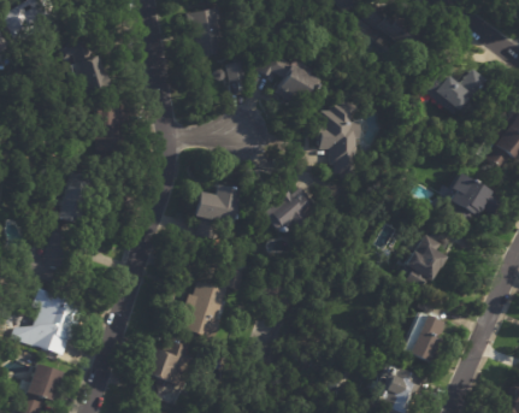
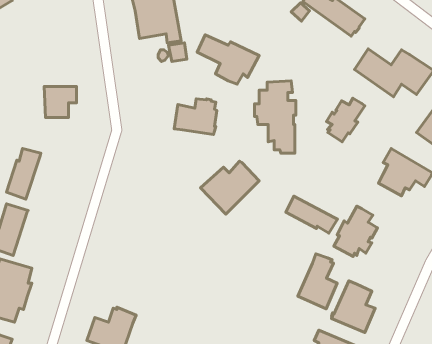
building: [59,39,113,100] -> none
building: none -> [326,98,365,142]
building: [190,185,235,223] -> [174,99,217,134]
building: none -> [286,196,338,233]
building: [178,267,243,341] -> none
building: none -> [298,254,337,309]

